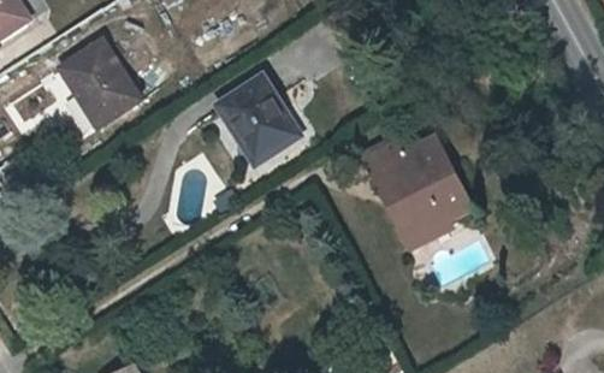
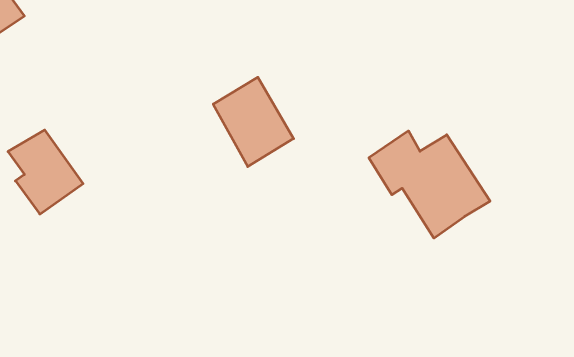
building: [58,42,129,122] -> [8,130,83,214]
building: [379,179,454,241] -> none

